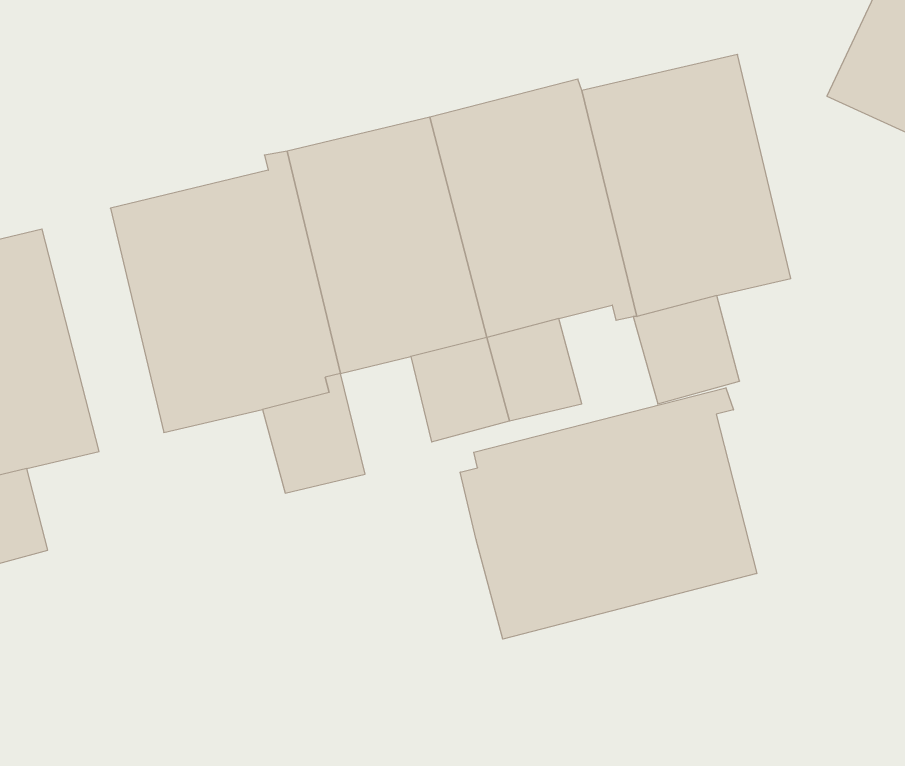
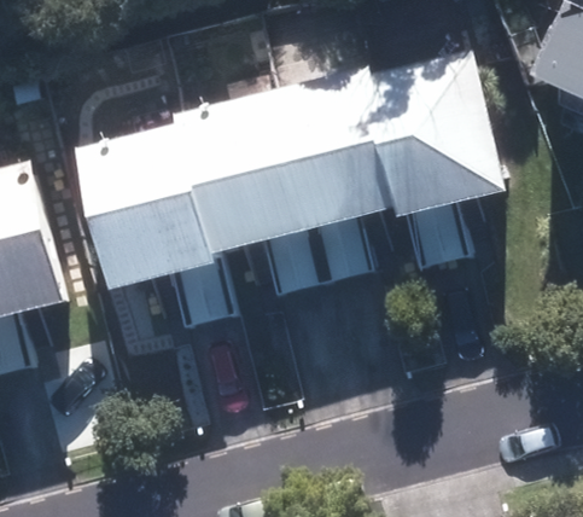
building: [460,388,757,639] -> none

